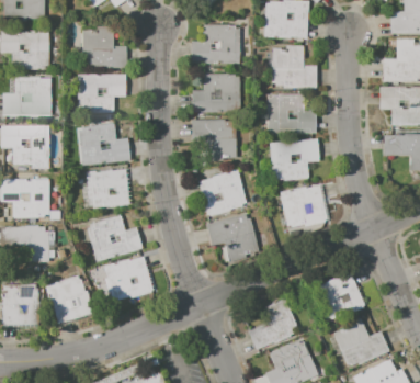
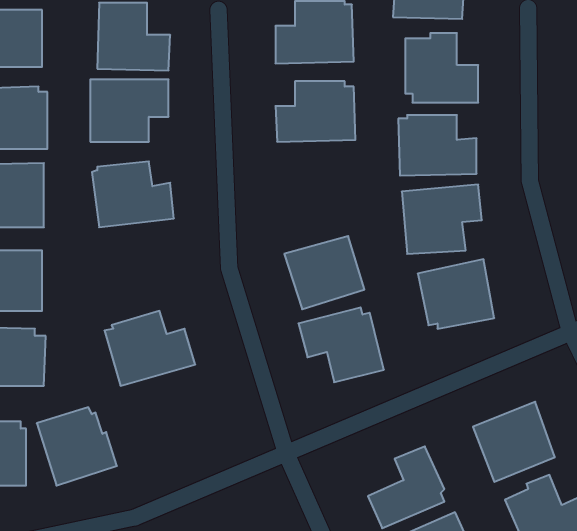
building: [193,119,238,158] -> none
building: [88,168,129,209] -> none
building: [105,256,154,301] -> none

